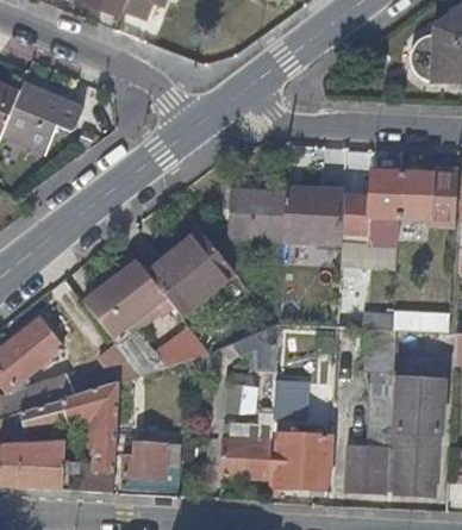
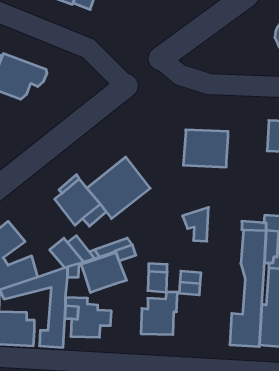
building: [341,174,400,236] -> none
building: [239,189,283,242] -> none
building: [80,287,127,338] -> none
building: [238,329,275,376] -> [182,207,209,241]
building: none -> [81,252,127,293]
building: [268,434,330,492] -> none

